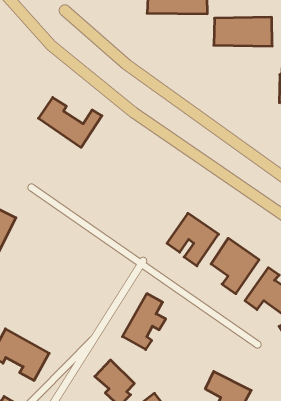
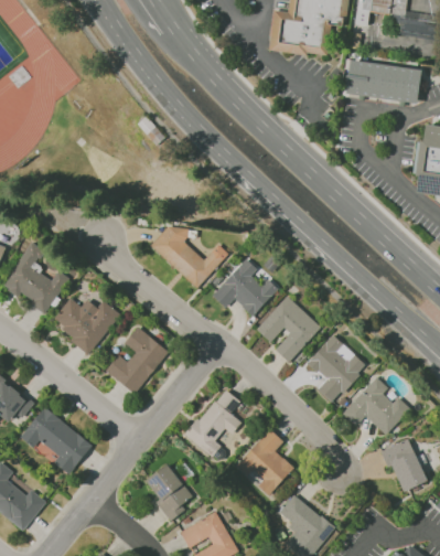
building: [38,97,102,147] -> [150,222,228,288]
building: none -> [211,258,278,316]
building: none -> [53,281,125,353]
building: none -> [104,328,171,396]
building: none -> [235,428,293,495]

